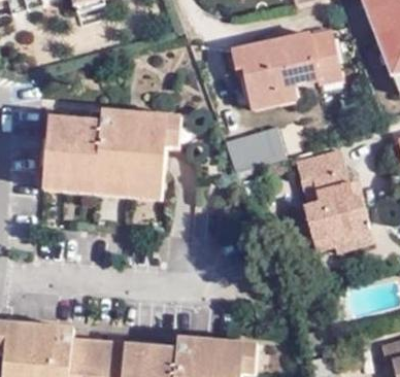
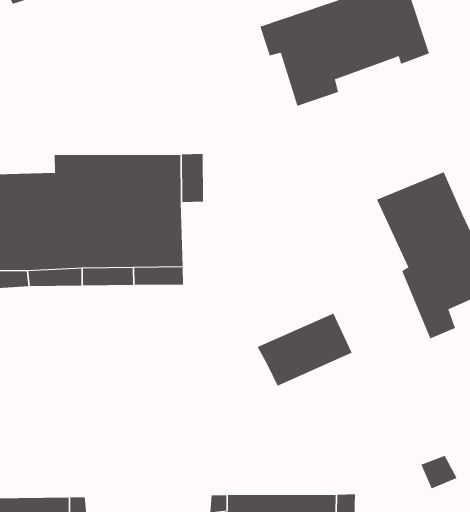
building: [226,127,287,170] -> [257,313,353,387]

